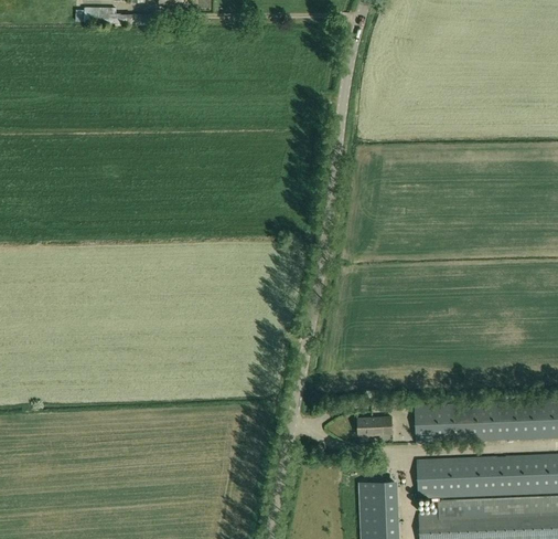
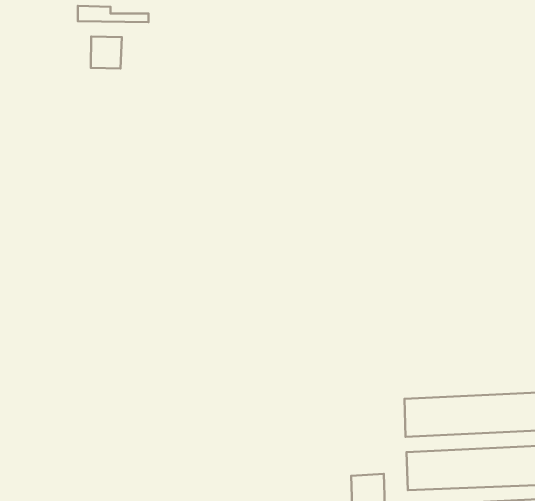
building: none -> [91,37,122,68]
building: [357,418,393,435] -> none

